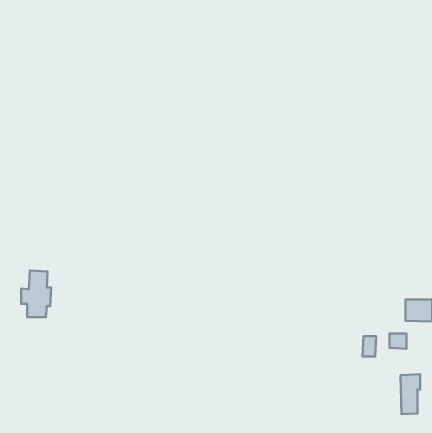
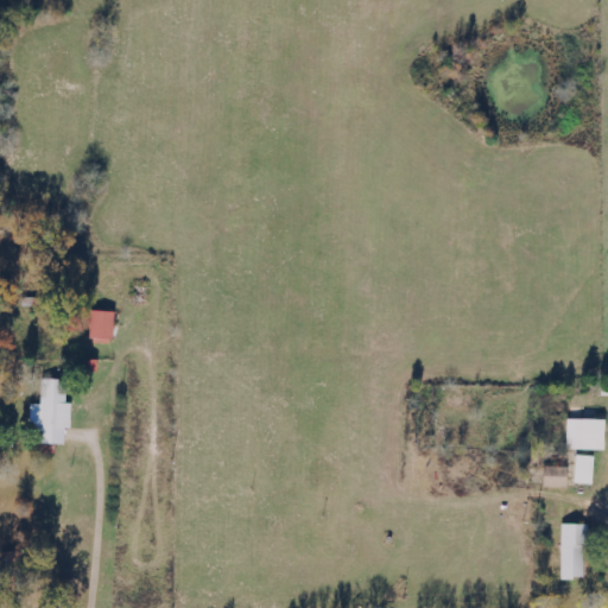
building: none -> [90,310,114,338]
building: [363,336,376,357] -> [575,455,594,483]

